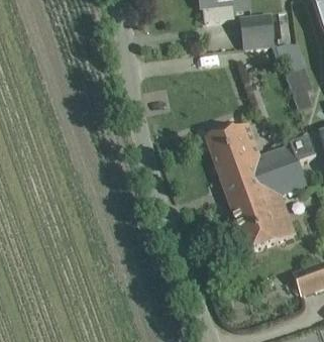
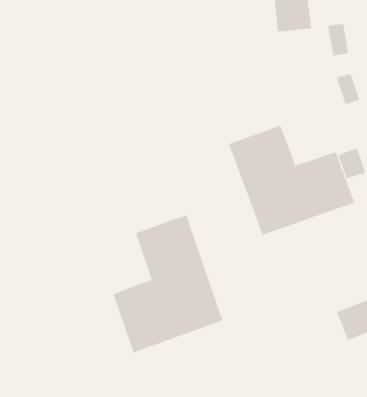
building: [232,192,296,249] -> none
building: none -> [113,214,223,353]

